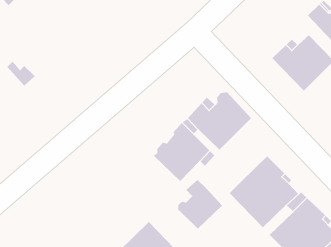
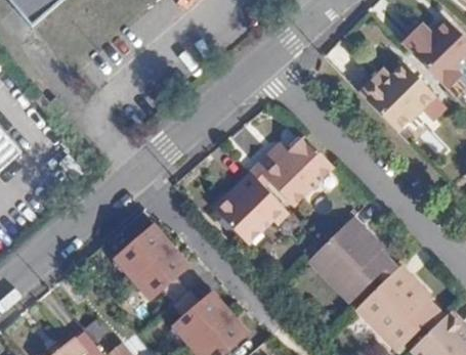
building: none -> [113,225,186,299]
building: [177,179,223,229] -> none

